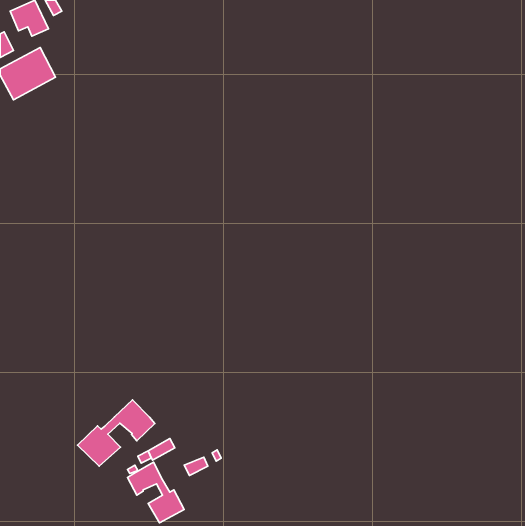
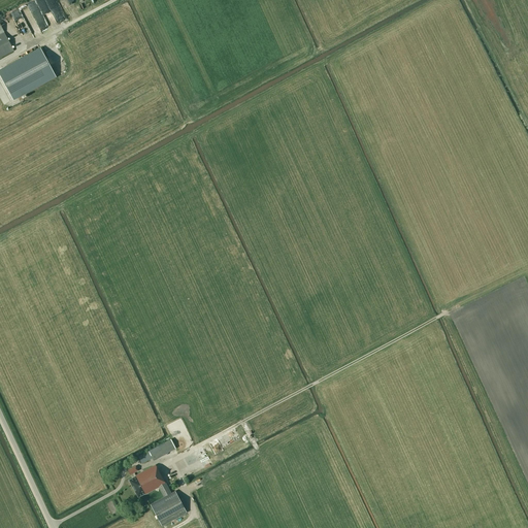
building: [77,400,155,466] -> none

